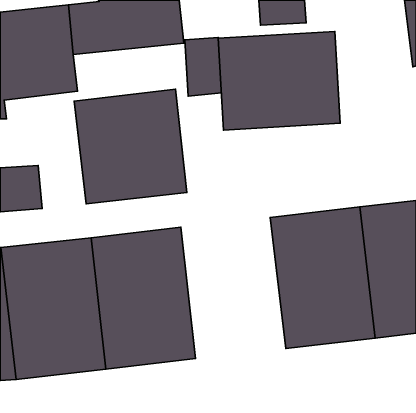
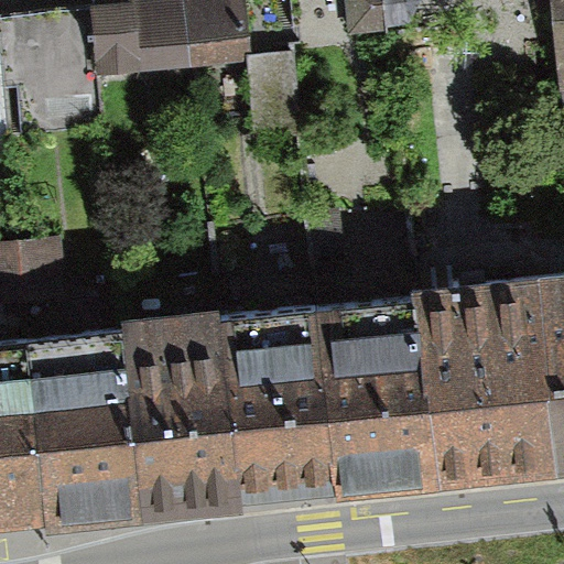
building: [218,31,340,130] -> none
building: [74,89,187,204] -> none
building: none -> [245,299,387,489]

